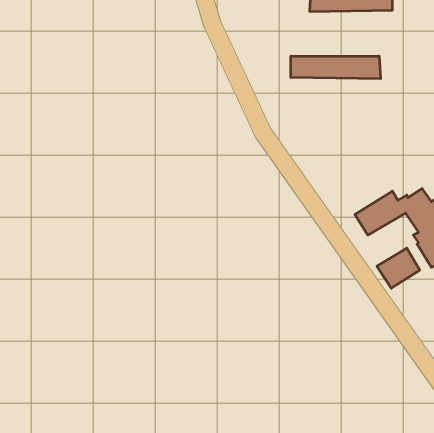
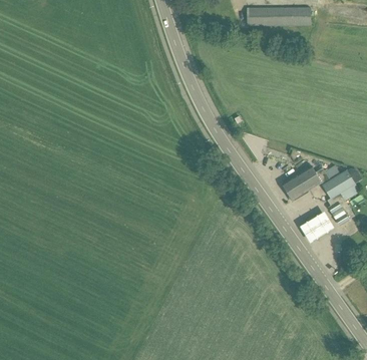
building: [291,56,381,79] -> none

